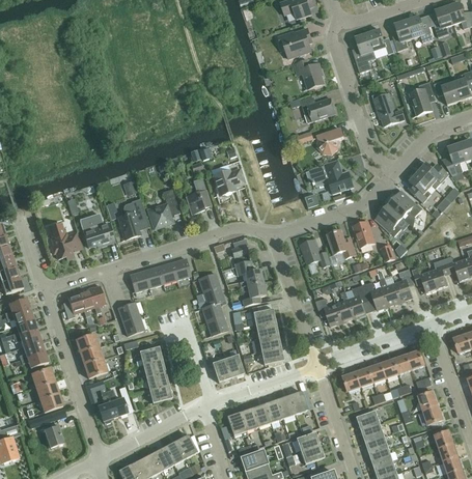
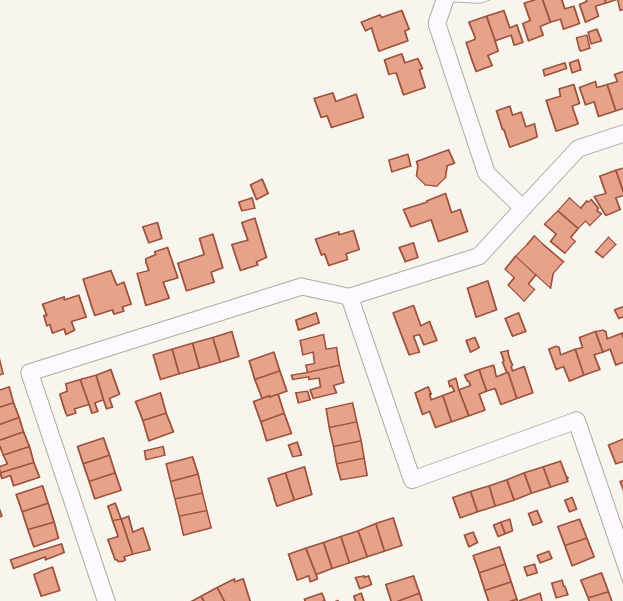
building: [300,95,335,120] -> [314,93,364,128]
building: [213,169,244,194] -> [316,231,359,265]
building: [328,230,356,257] -> none
building: [394,267,415,301] -> none

